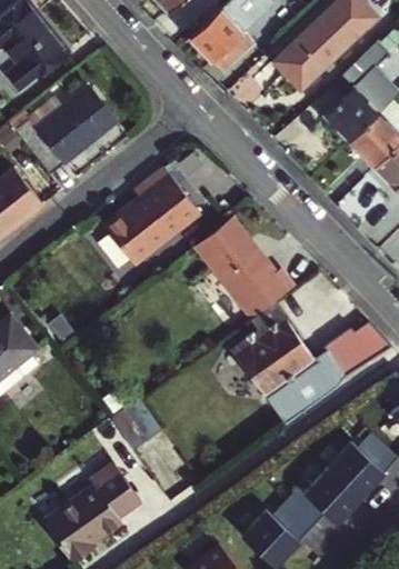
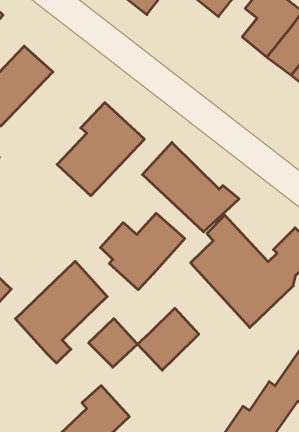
building: none -> [100,213,185,290]
building: none -> [15,261,107,363]
building: none -> [137,308,199,370]

